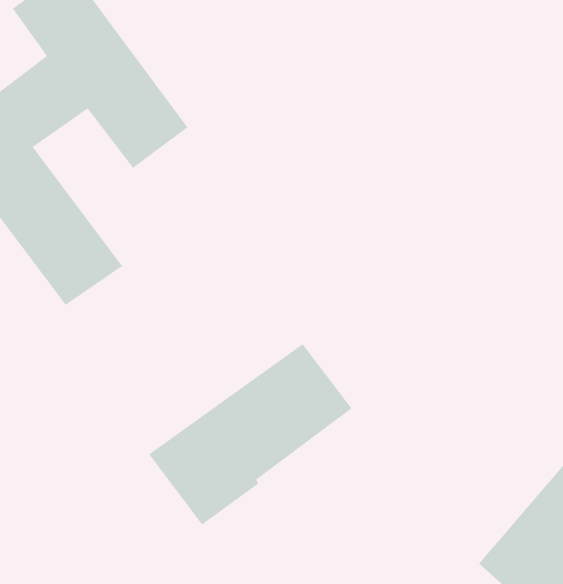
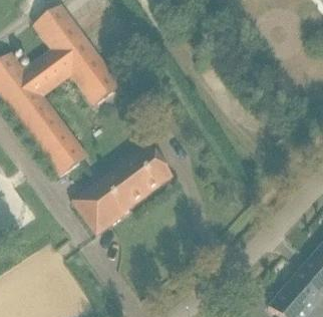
building: [148,343,352,525] -> [69,141,173,234]

